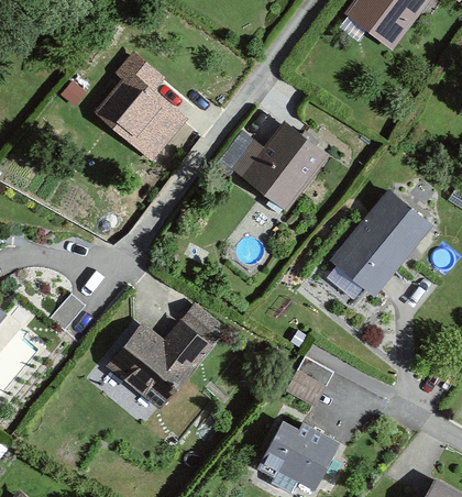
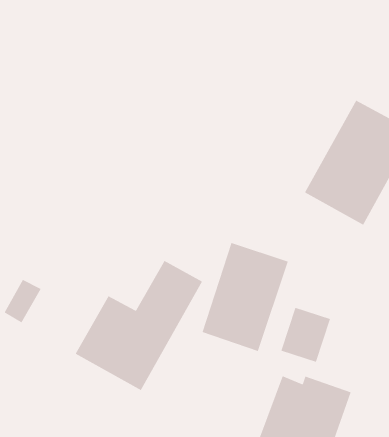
building: [98,60,178,154] -> none
building: [231,122,327,211] -> none
building: none -> [202,242,288,352]

